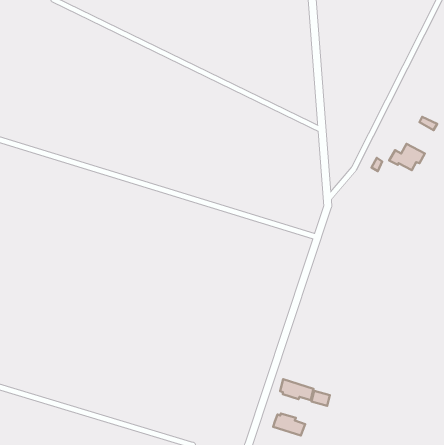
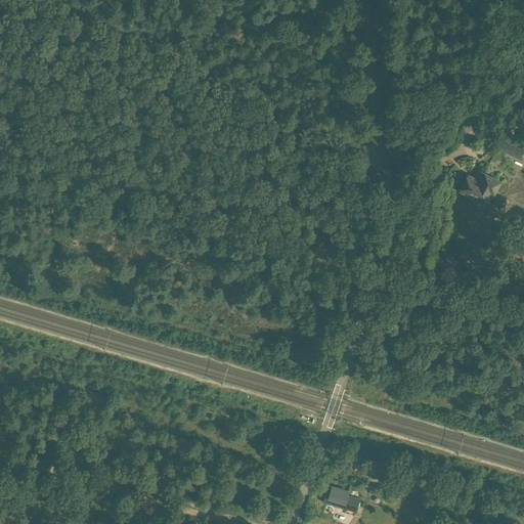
building: [280,379,314,400] -> none

